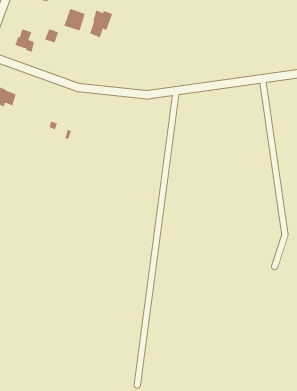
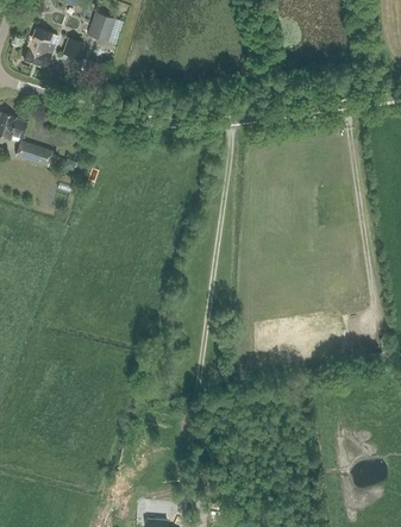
building: [89,9,113,38] -> none
building: none -> [15,140,58,167]

